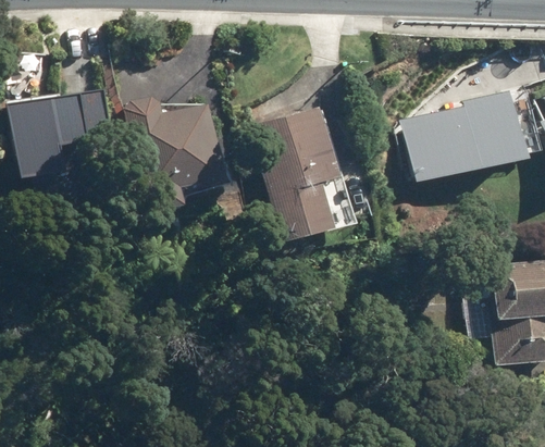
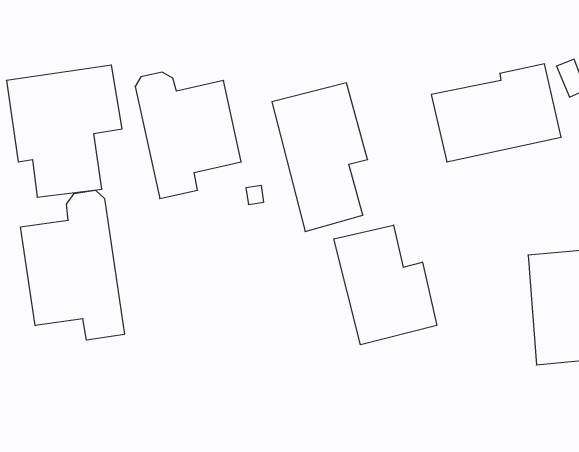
building: none -> [21,190,124,340]
building: none -> [334,225,437,345]

